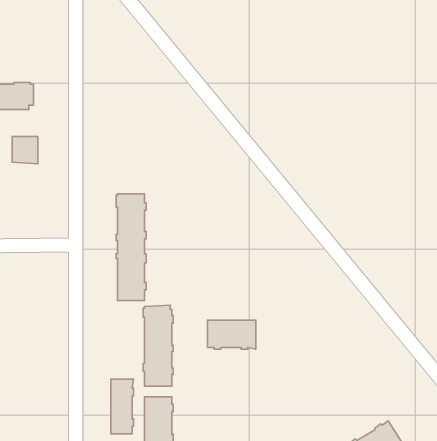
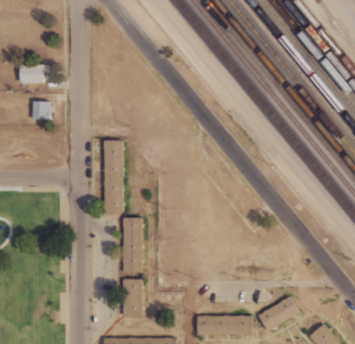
building: [207,320,256,349] -> none
building: [111,379,133,434] -> none

